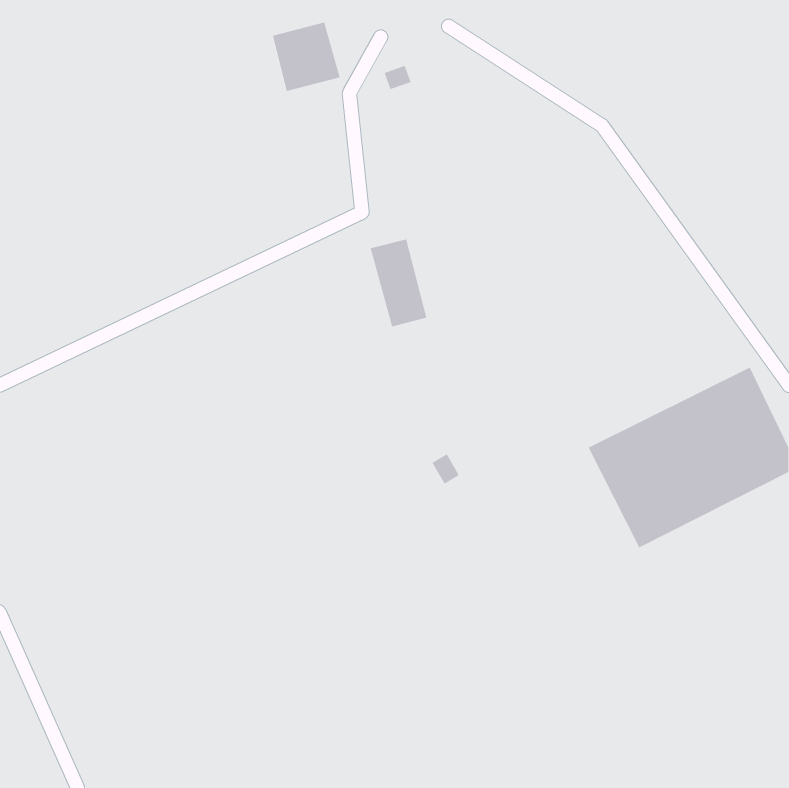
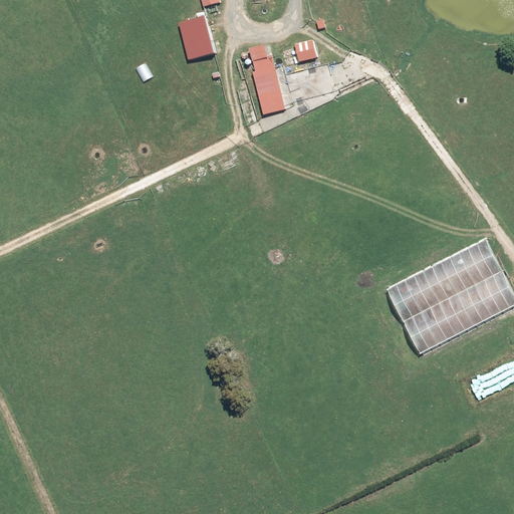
building: none -> [291,36,317,60]
building: [370,239,427,327] -> [250,56,287,113]

